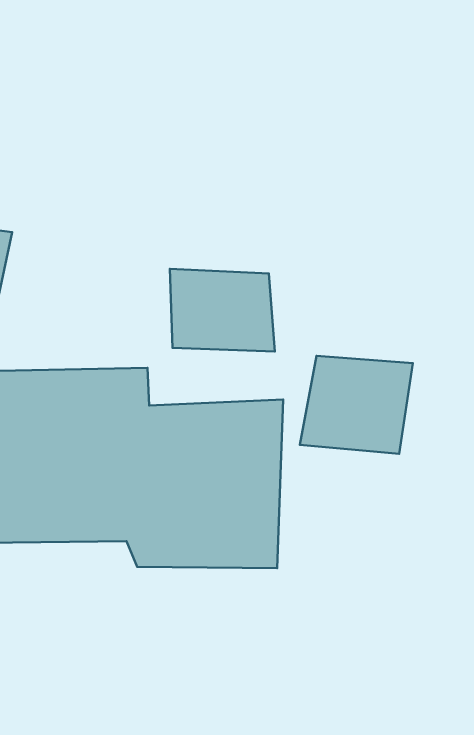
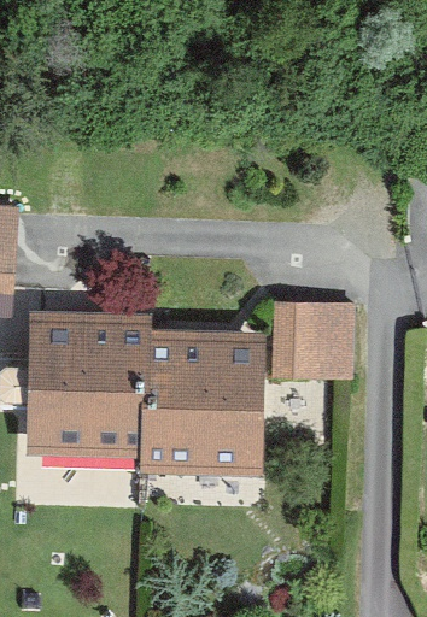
building: [170,269,275,351] -> none

